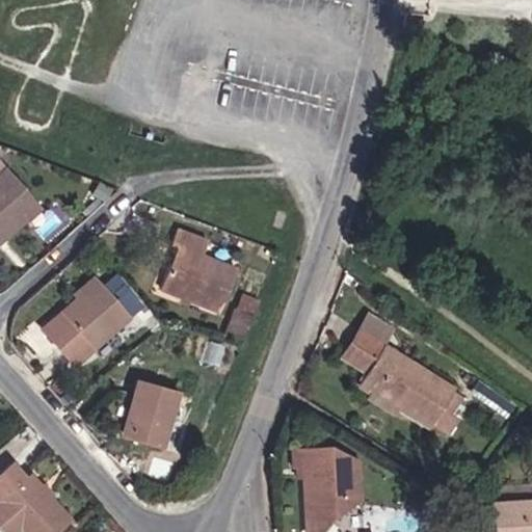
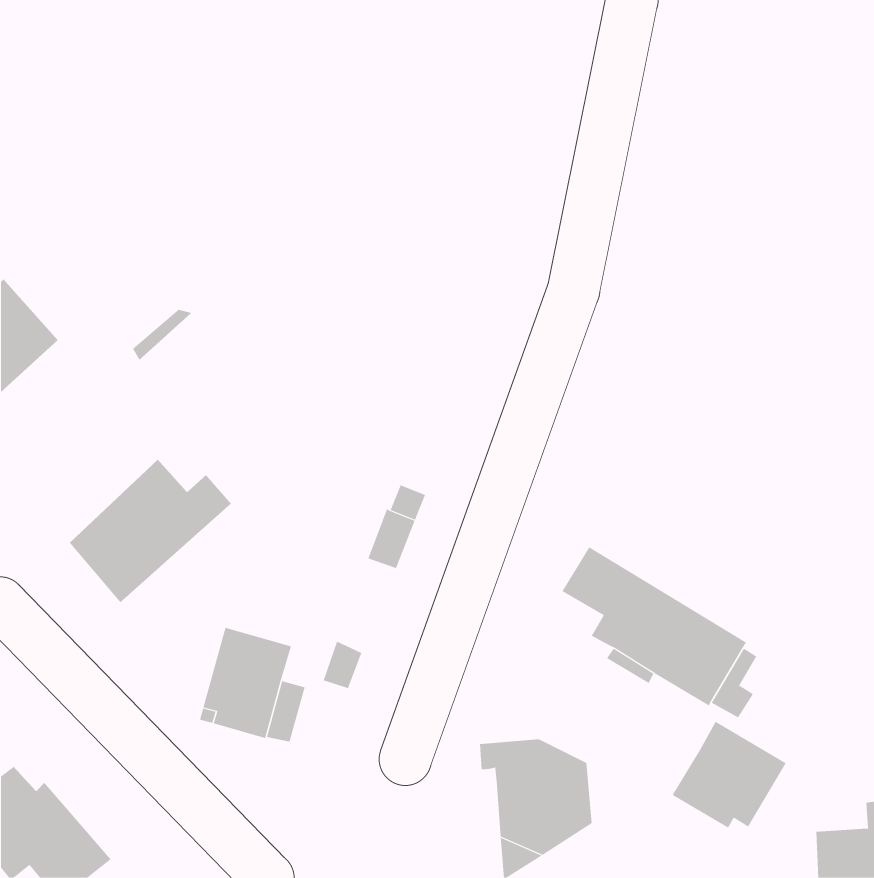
building: [161,230,236,311] -> none
building: none -> [671,721,787,828]

